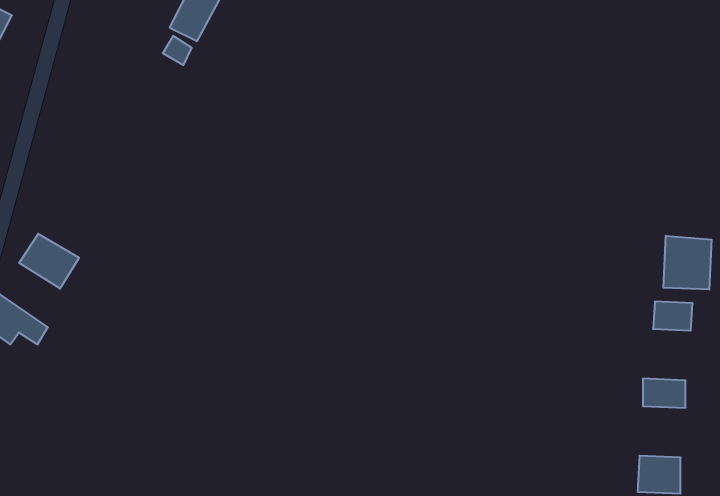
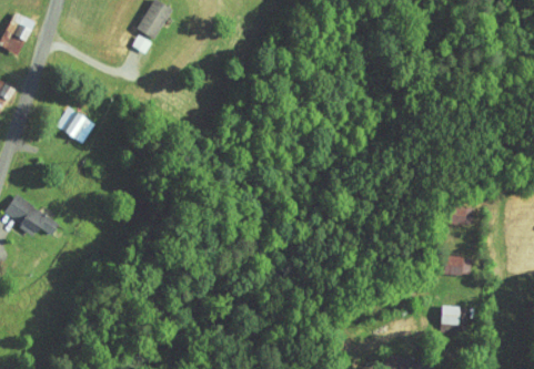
building: [19,234,79,289] -> [56,107,94,143]
building: [663,236,712,290] -> none

